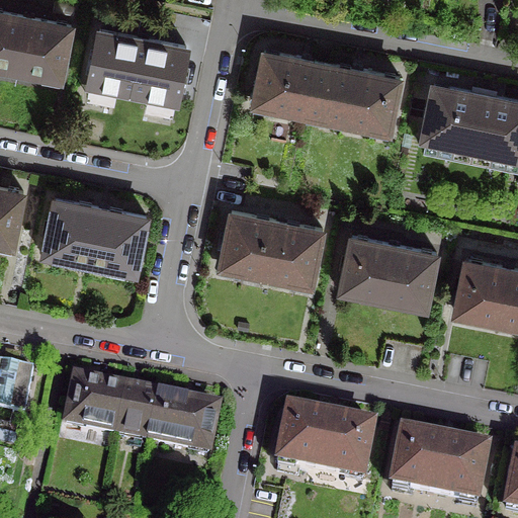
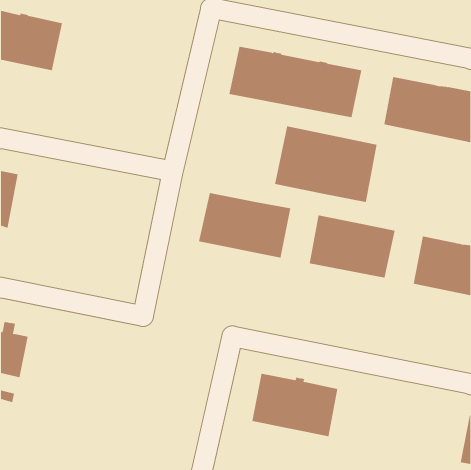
building: [88,31,183,100] -> none
building: none -> [274,126,377,203]
building: [41,199,144,280] -> none
building: [65,379,215,453] -> none
building: [391,433,486,503] -> none

